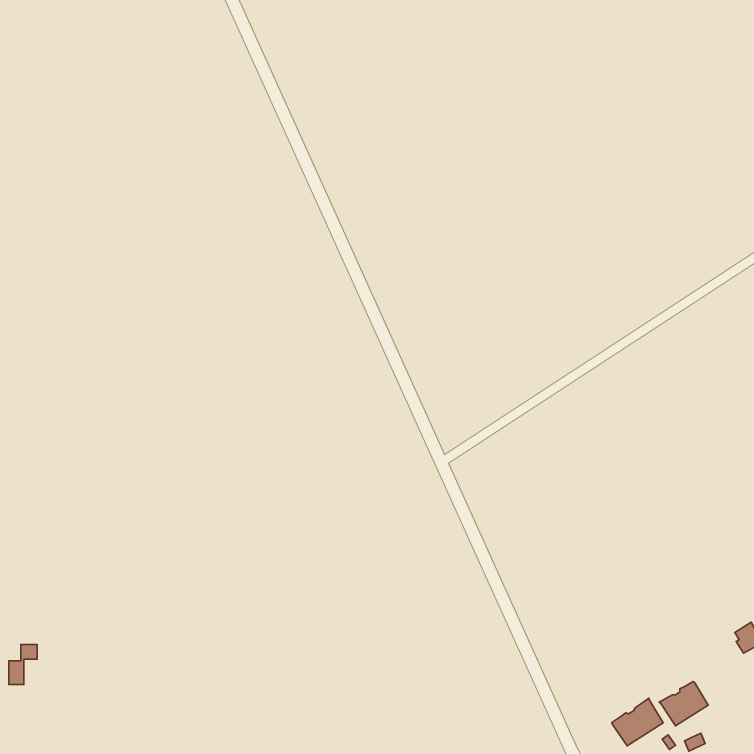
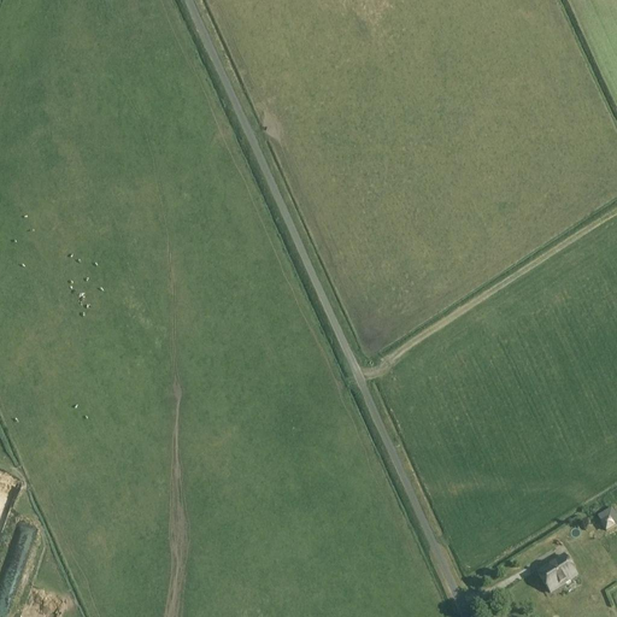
building: [612,698,663,746] -> none

